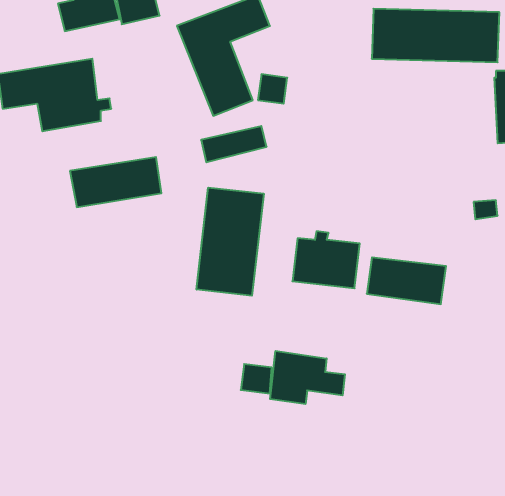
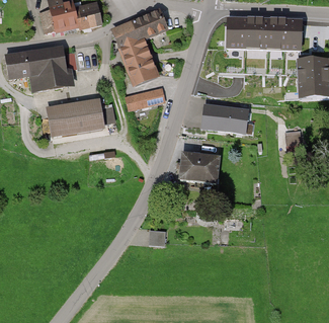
building: [197,188,264,296] -> none
building: [367,257,446,304] -> [201,105,248,133]
building: [270,351,345,404] -> none

